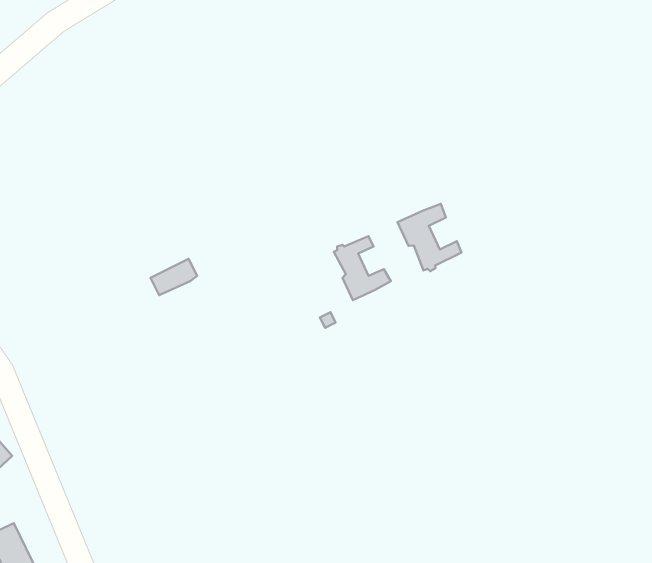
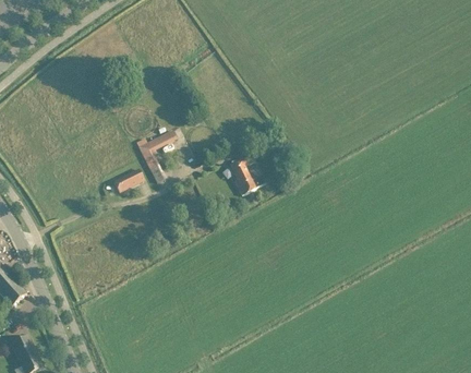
building: none -> [136,130,176,184]
building: [397,204,462,271] -> none

